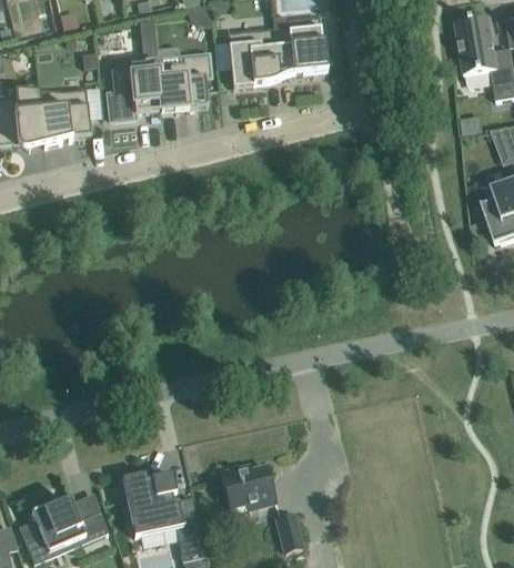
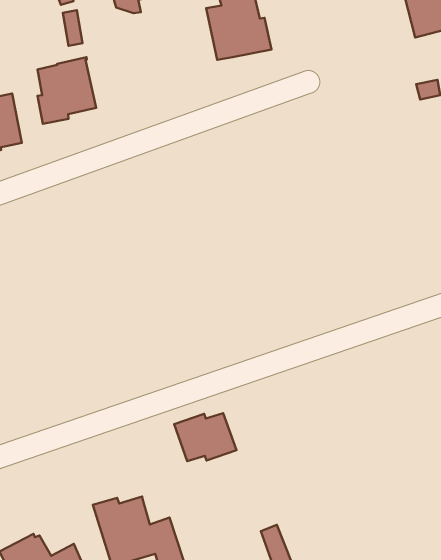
building: [226,27,279,88] -> none
building: [157,53,210,109] -> none
building: [221,464,276,507] -> [174,413,237,461]

